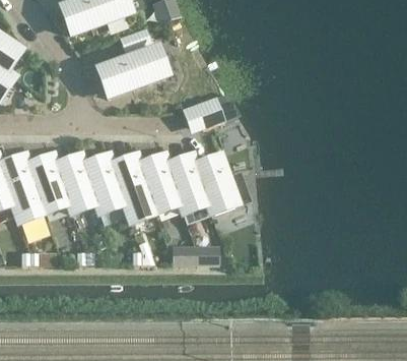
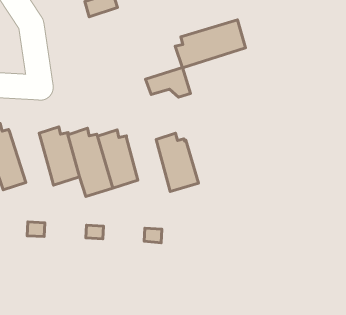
building: [100,47,167,96] -> [175,20,245,68]
building: [55,158,96,213] -> none
building: [166,158,208,214] -> none

